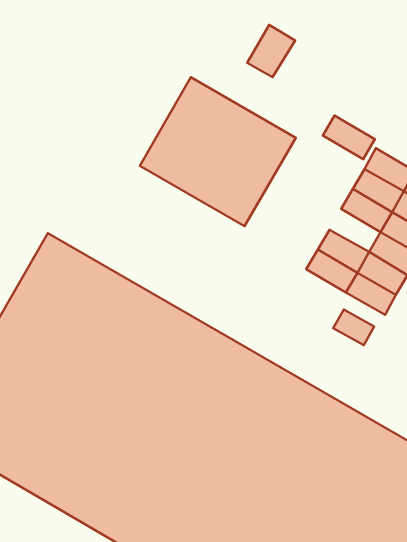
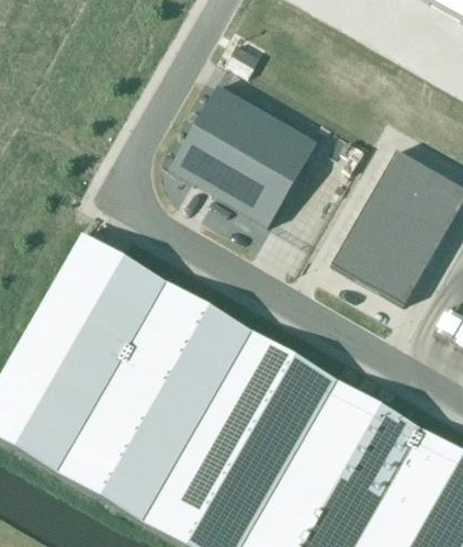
building: [247,25,295,77] -> none
building: [323,115,375,159] -> none
building: none -> [349,209,397,249]
building: [333,309,374,345] -> none

